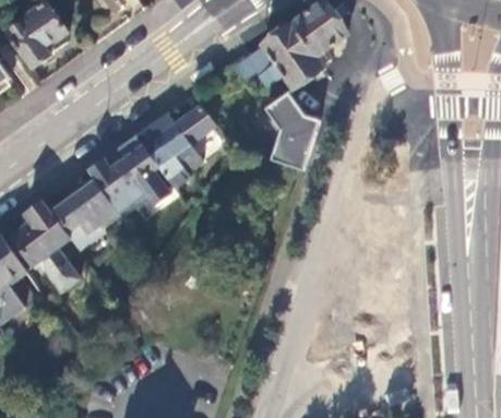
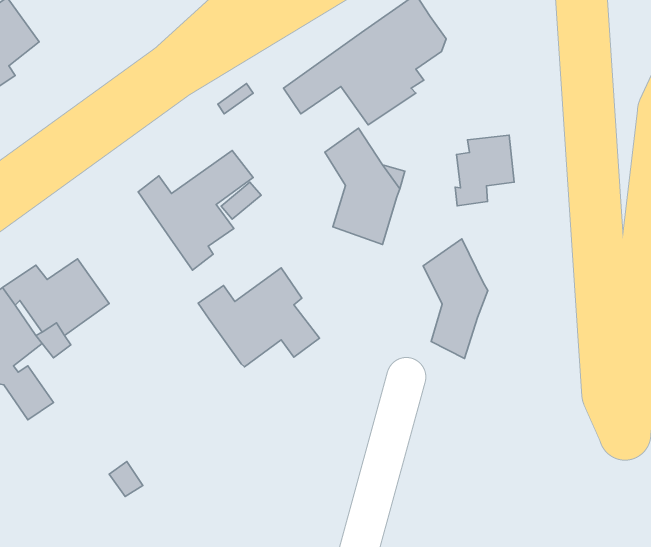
building: none -> [455,135,514,206]
building: [85,146,168,214] -> [198,268,319,367]
building: none -> [423,239,488,359]

